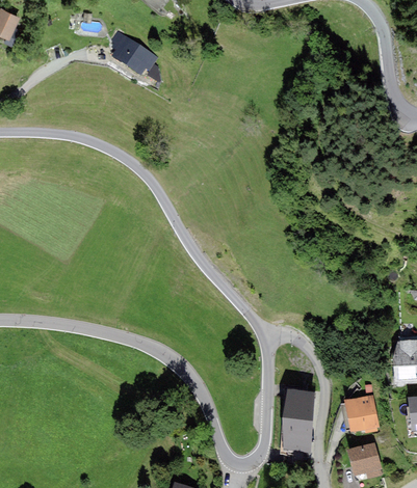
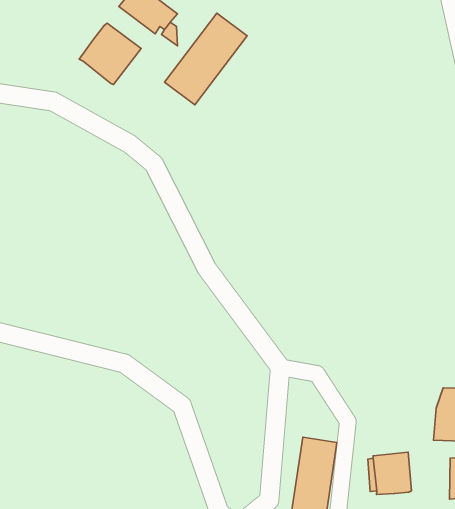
building: none -> [164,13,247,105]
building: none -> [79,23,141,85]

